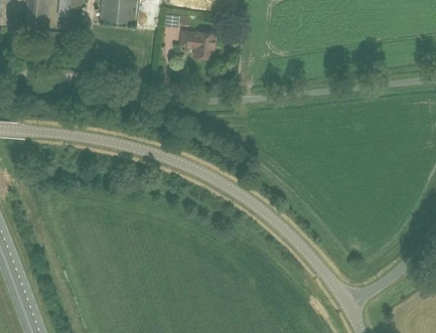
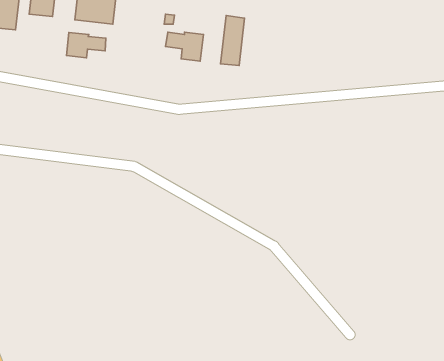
building: none -> [220,16,245,66]
building: none -> [67,32,106,58]

